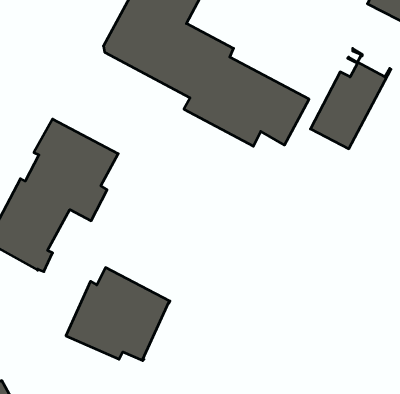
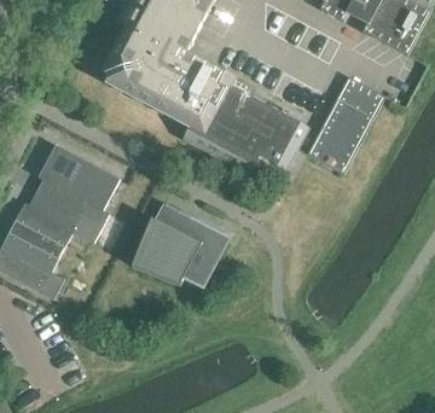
building: [66,268,170,361] -> [127,200,228,291]

